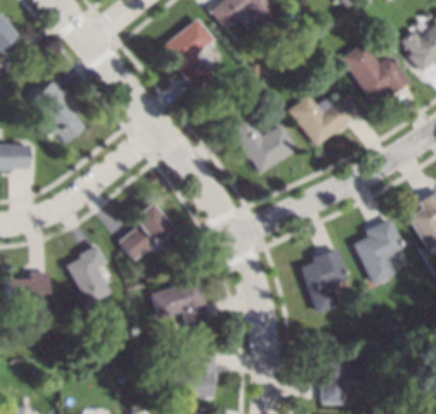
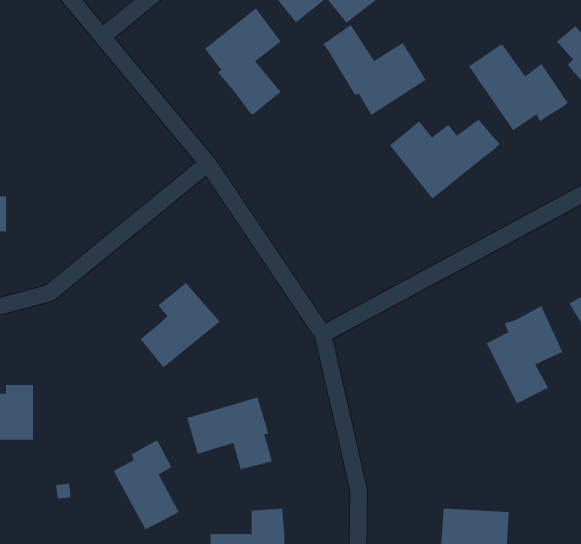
building: [31,81,87,144] -> none
building: [227,112,297,174] -> [322,24,426,116]
building: [66,245,111,305] -> [113,440,179,530]
building: [301,249,348,313] -> none

